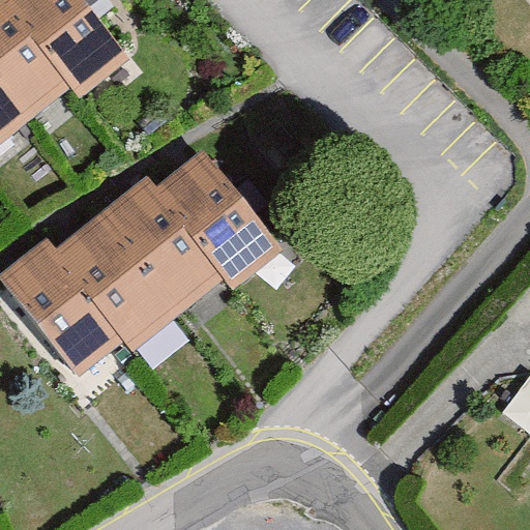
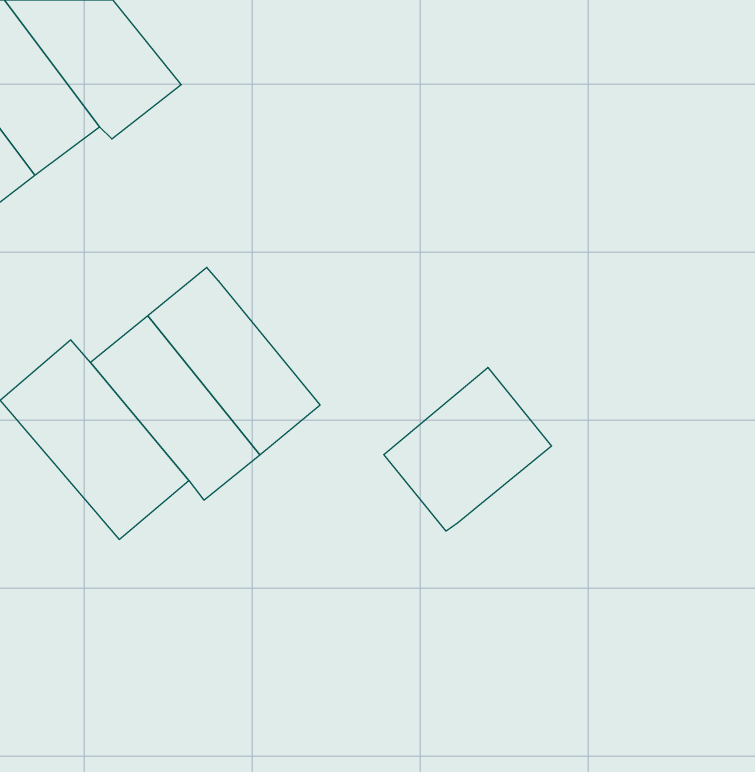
building: [150,151,282,292] -> none
building: none -> [384,367,552,531]

